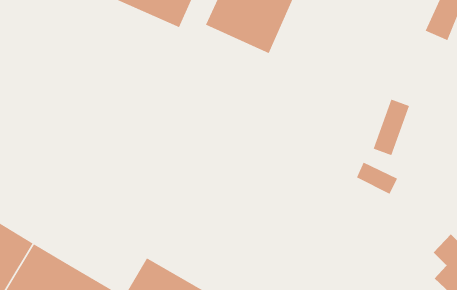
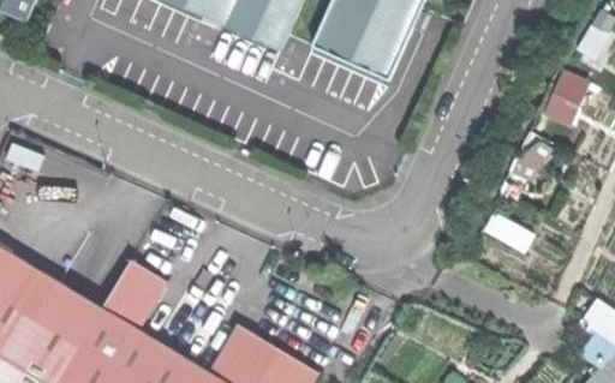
building: none -> [549,66,598,125]
building: none -> [102,261,171,331]

